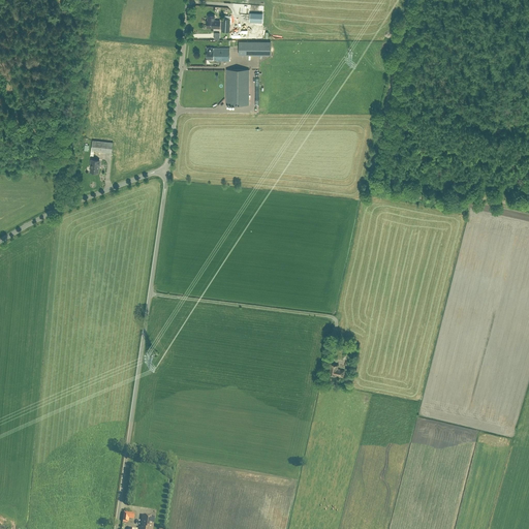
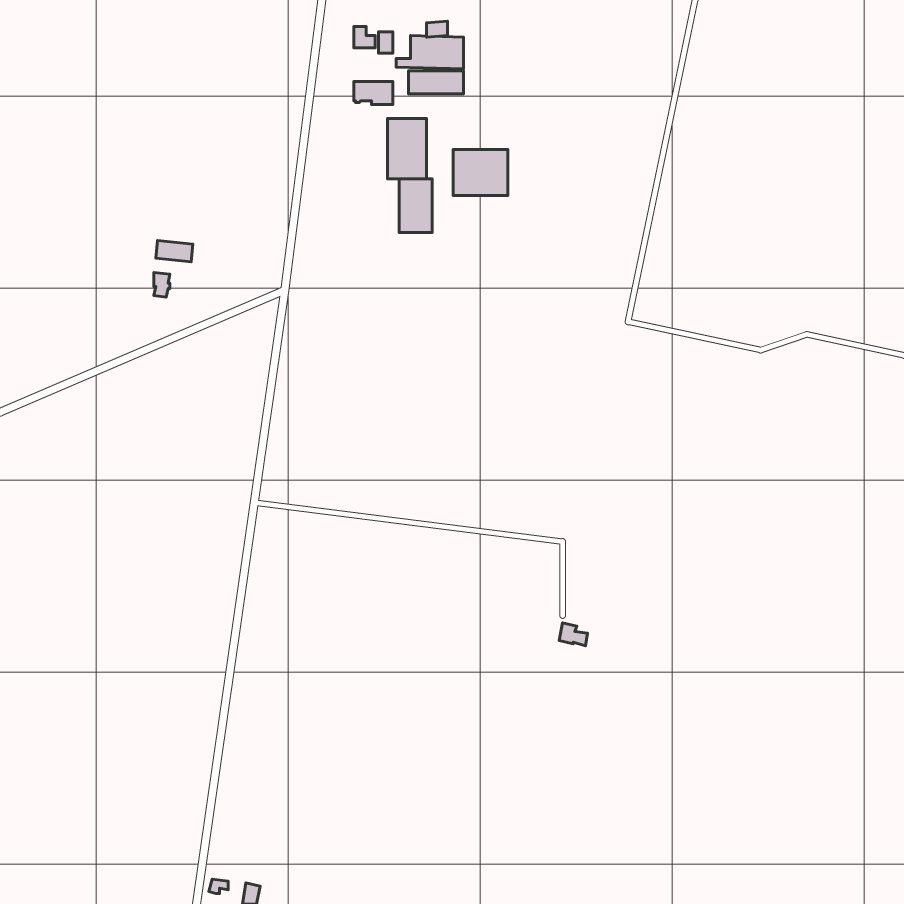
building: none -> [453,149,508,195]
building: none -> [399,179,432,232]

